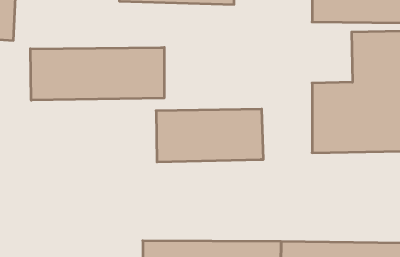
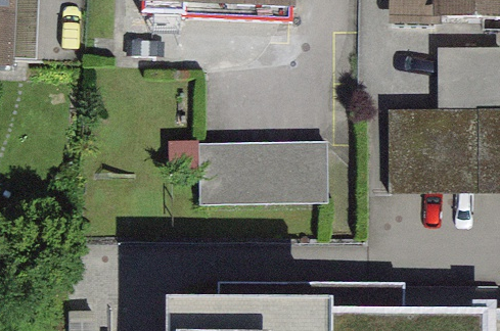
building: [30,47,164,100] -> none

